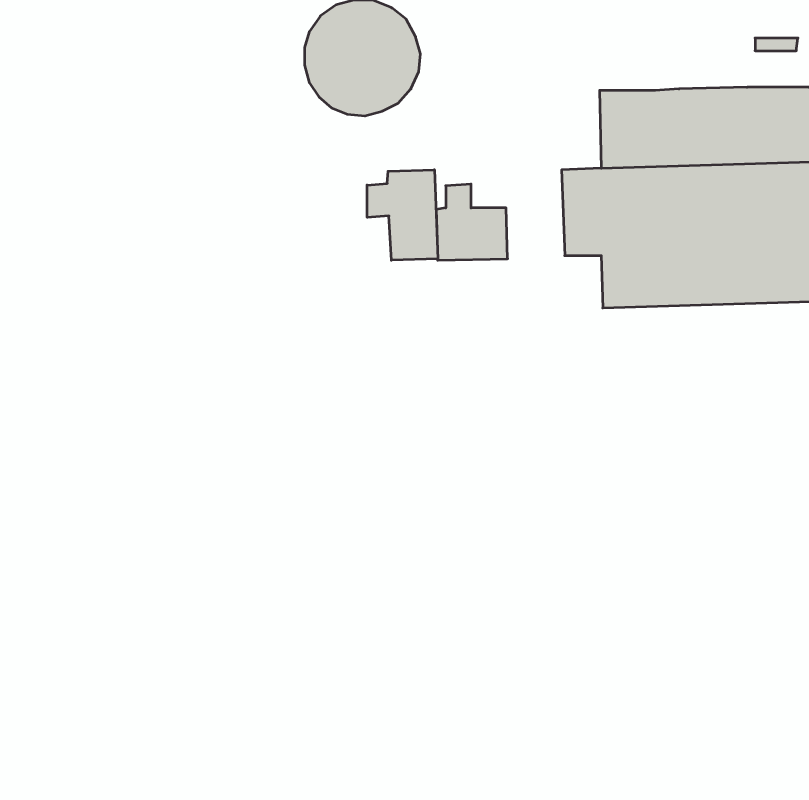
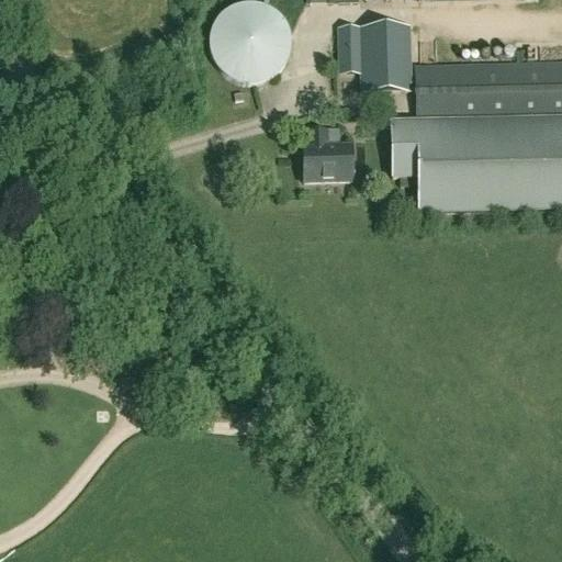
building: none -> [339,24,412,90]
building: [367,170,438,260] -> none

